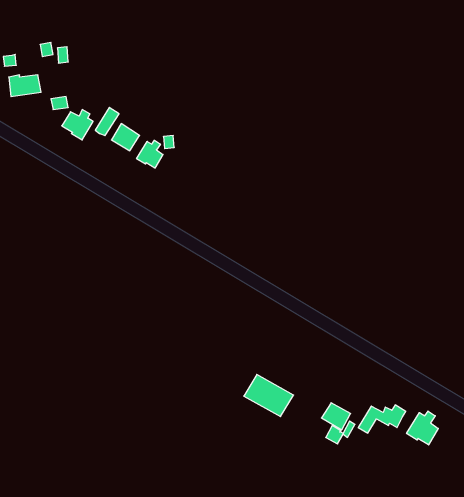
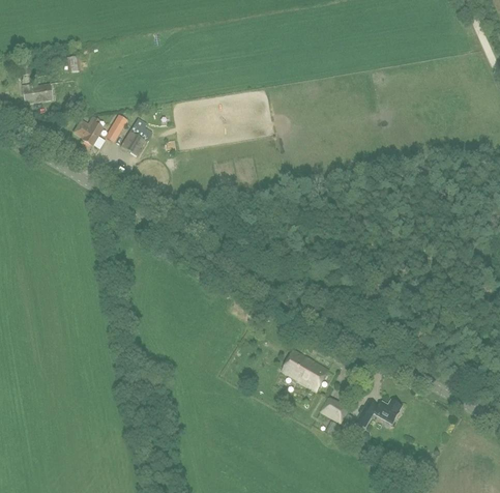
building: [137,140,163,168] -> none
building: [244,374,294,417] -> [282,349,329,389]
building: [407,411,438,445] -> none

